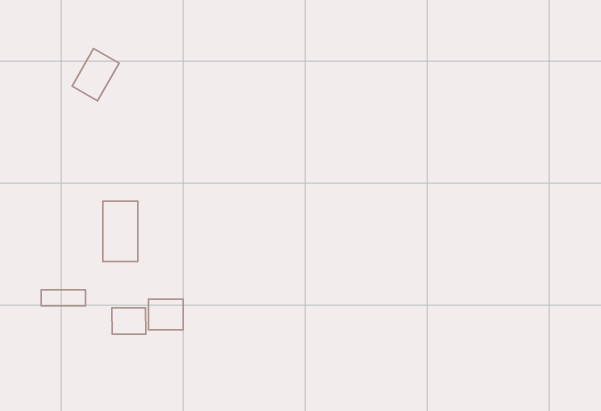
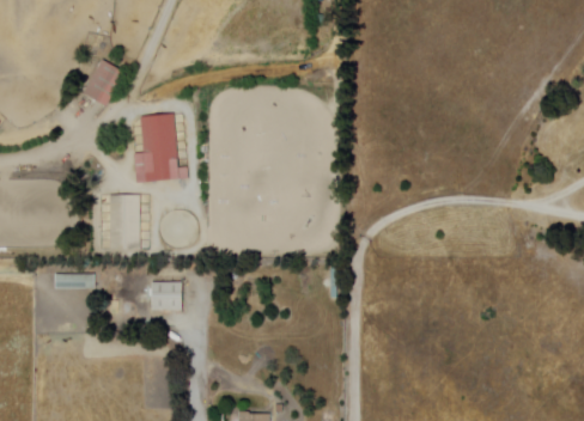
building: none -> [139,114,178,182]
building: [112,308,146,334] -> none

